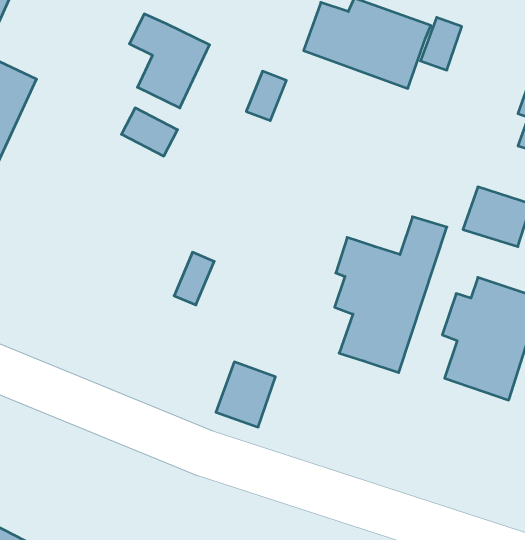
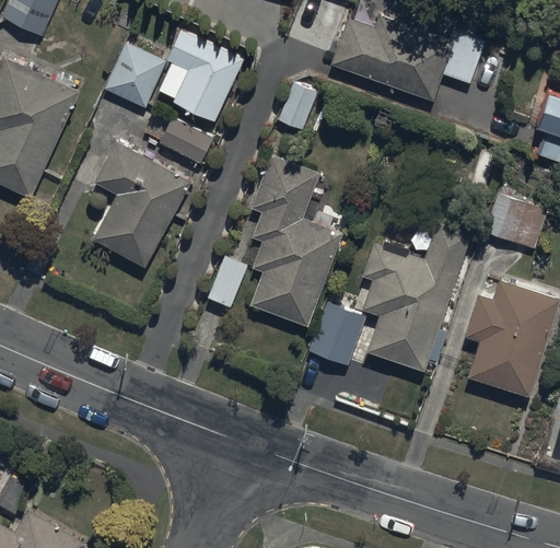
building: none -> [104,46,164,109]
building: none -> [93,141,190,268]
building: none -> [249,155,342,328]
building: [216,362,275,427] -> [307,304,364,366]

